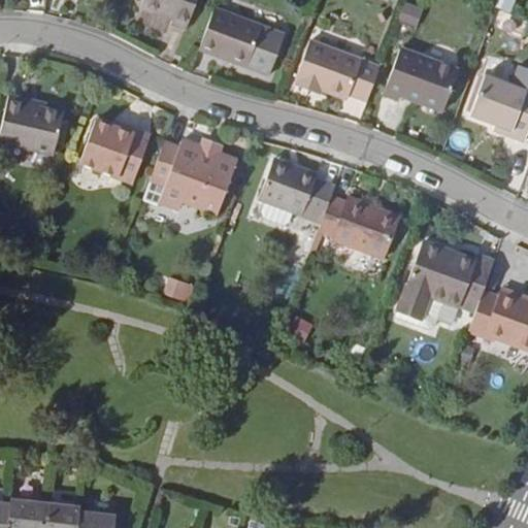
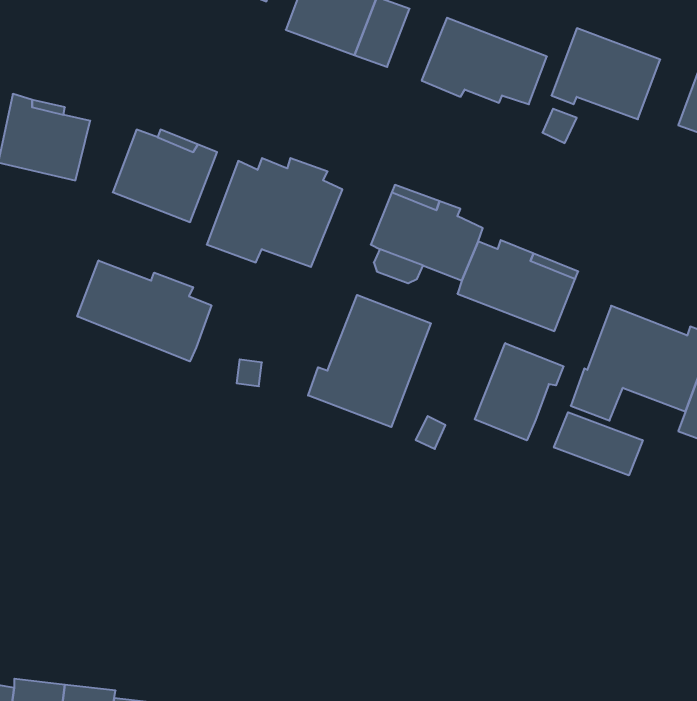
building: none -> [77,260,211,361]
building: none -> [308,295,431,427]
building: none -> [475,343,564,440]
building: none -> [554,412,643,475]

